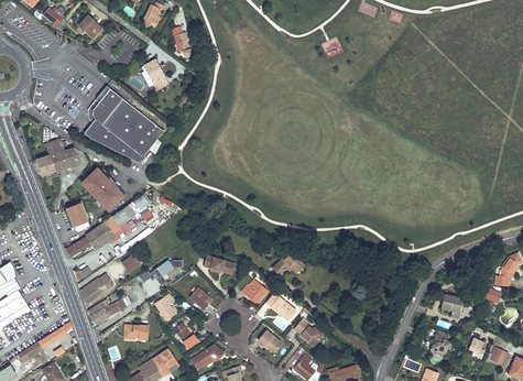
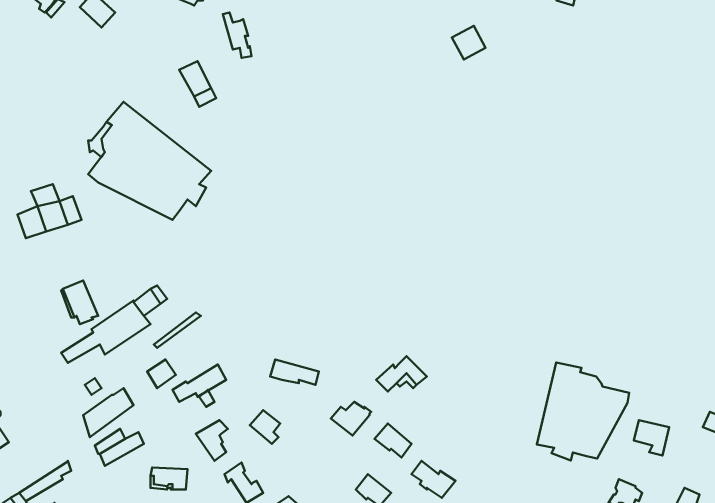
building: [81,168,124,213] -> none
building: none -> [537,362,629,460]

